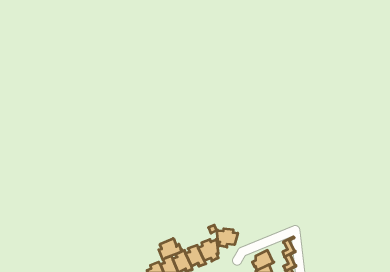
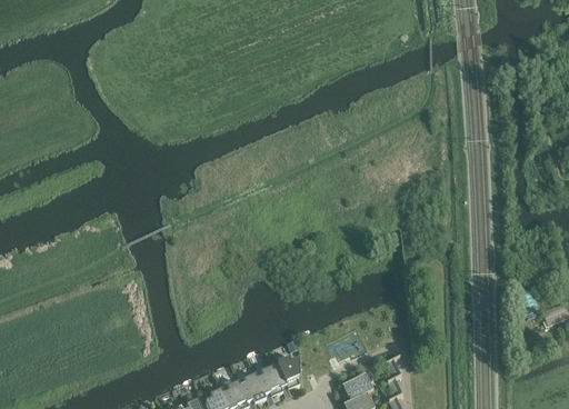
building: [217,229,238,247] -> none
building: [159,238,182,260] -> none

